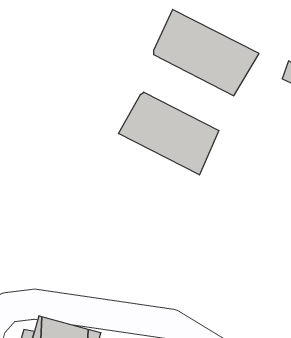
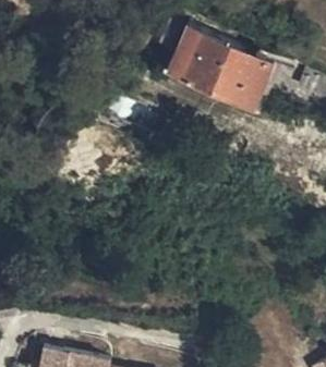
building: [118,92,219,175] -> none

